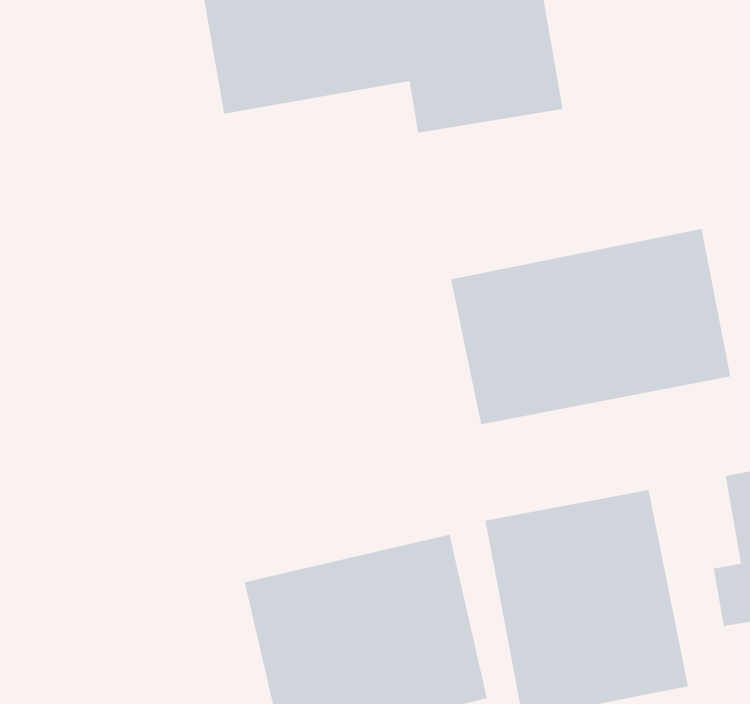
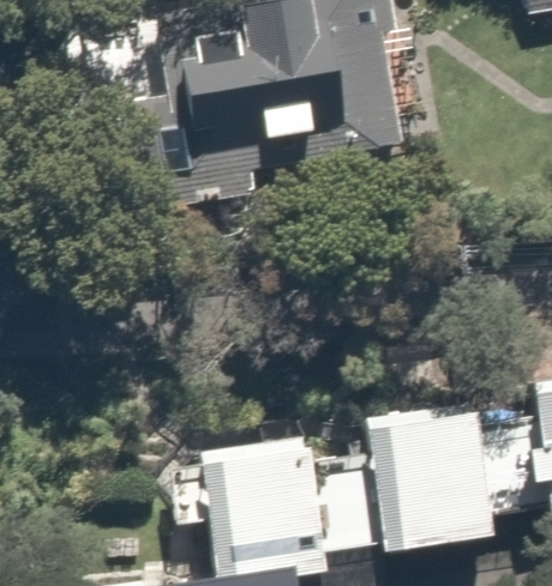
building: [450,228,731,425] -> none

